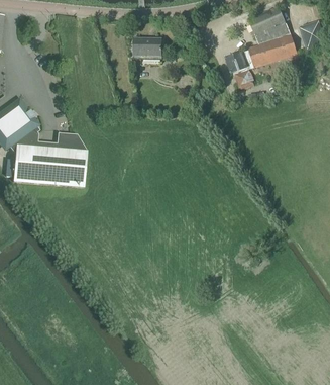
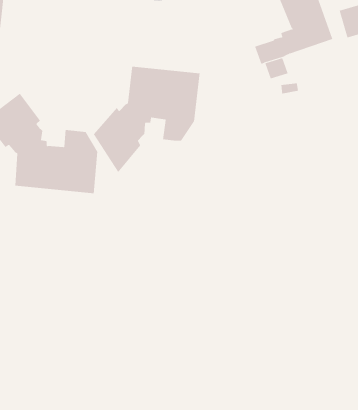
building: [132,35,162,56] -> none
building: none -> [93,66,200,173]

